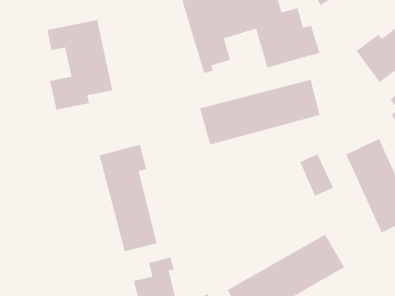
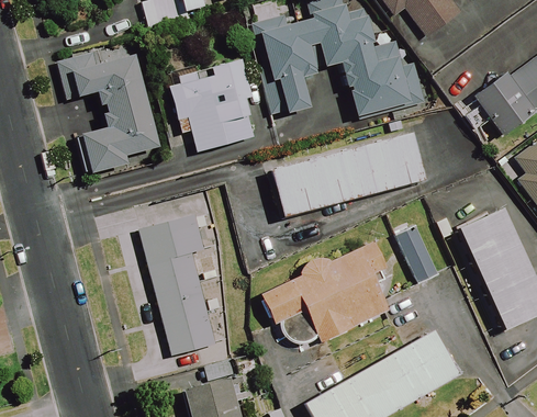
building: none -> [170,60,255,151]
building: none -> [258,239,388,340]

